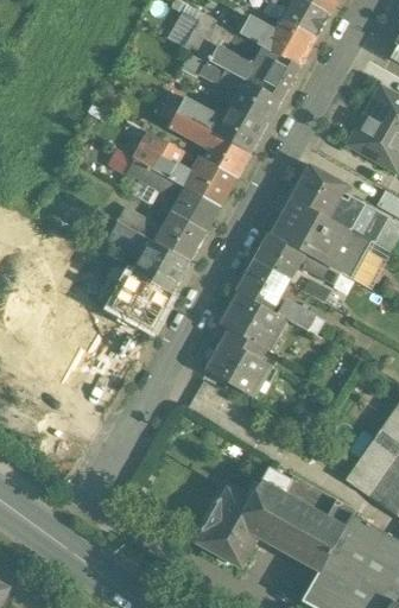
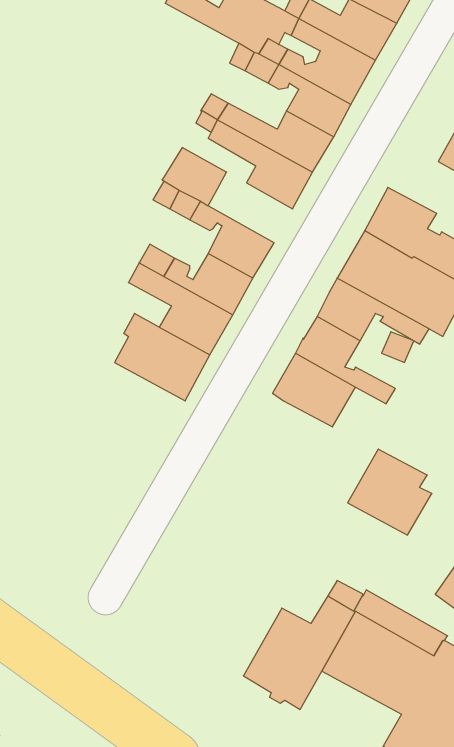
building: [170,160,235,207] -> none
building: [204,329,270,395] -> [348,449,432,535]

